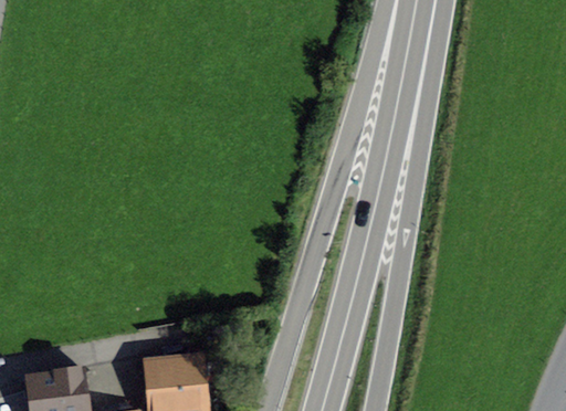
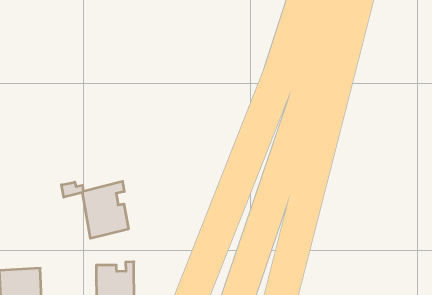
building: none -> [61,181,128,238]

